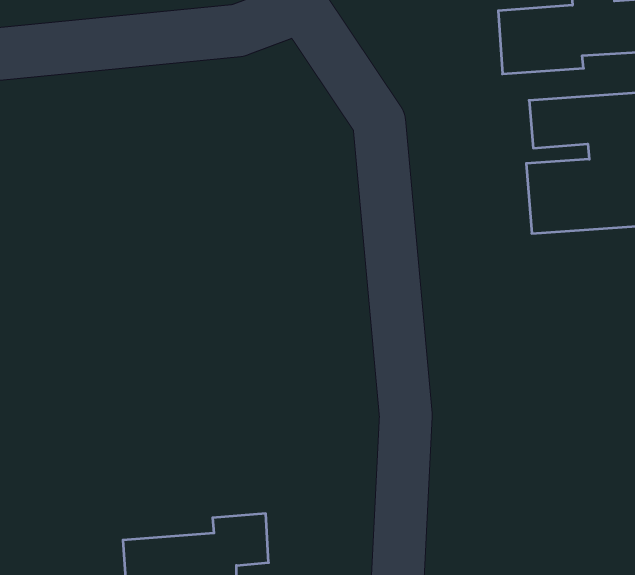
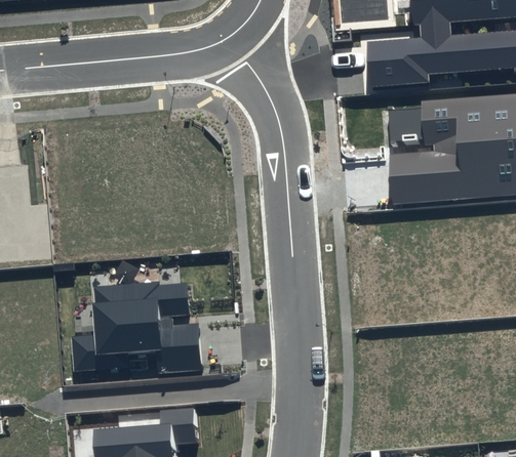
building: none -> [71,281,203,374]

